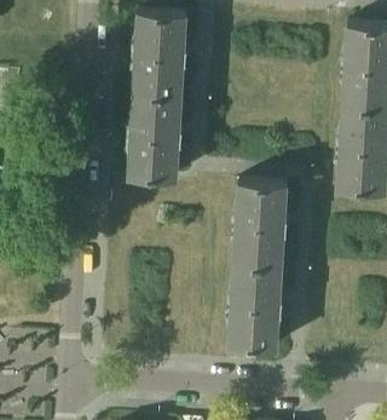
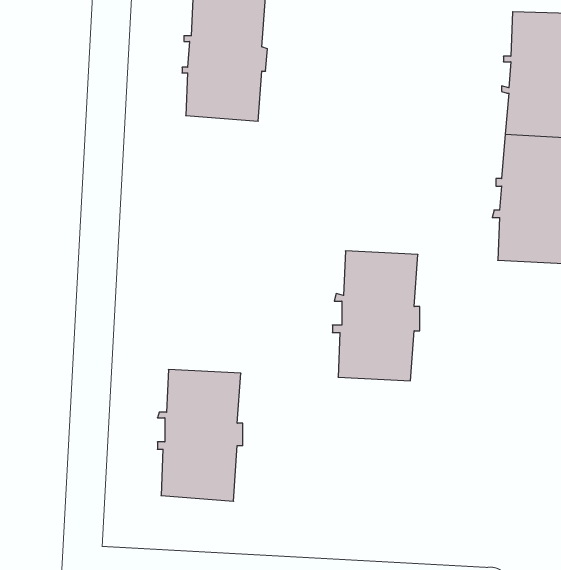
building: [127,90,183,176] -> none
building: [226,260,282,346] -> [157,370,243,501]

